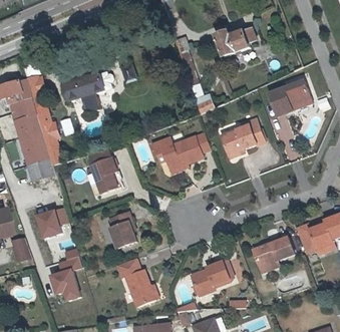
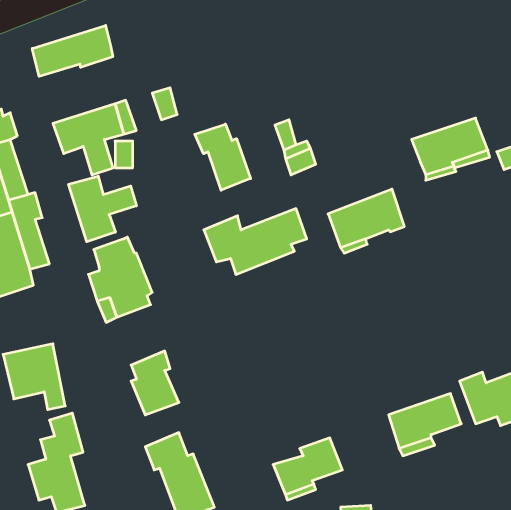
building: none -> [32,25,113,76]
building: [216,28,254,57] -> none
building: none -> [195,124,251,190]
building: none -> [69,176,136,242]

